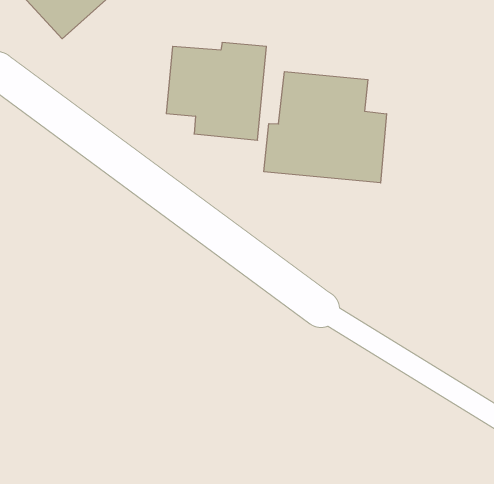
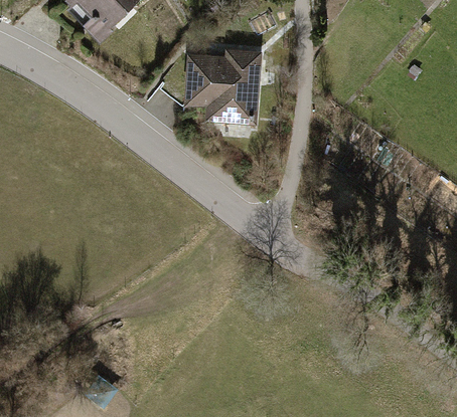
building: [264,72,387,183] -> none

